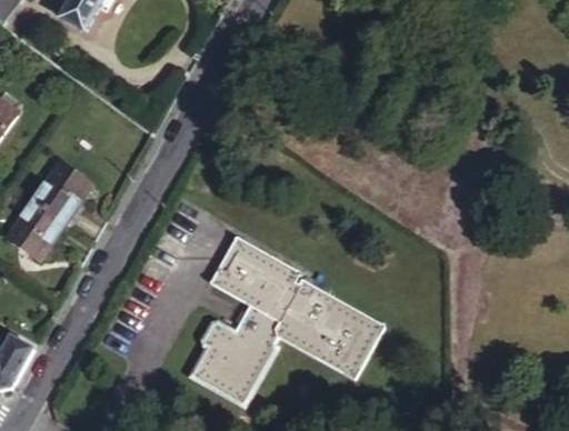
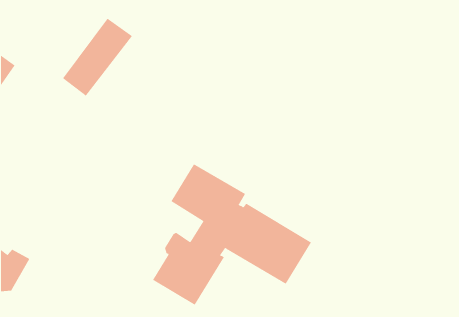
building: [11,164,97,260] -> [62,18,133,97]

